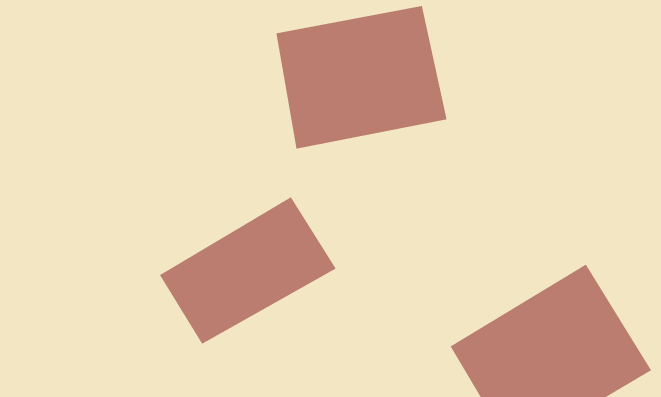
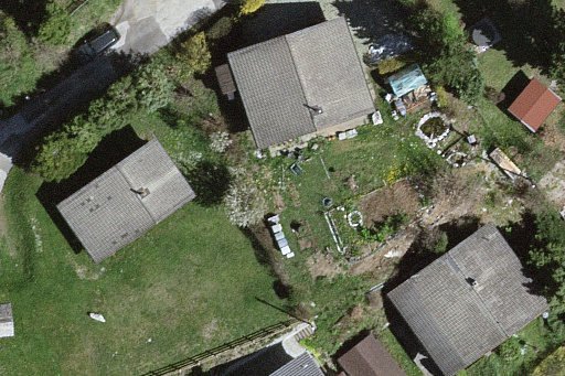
building: [159,196,337,345] -> [46,148,191,275]

